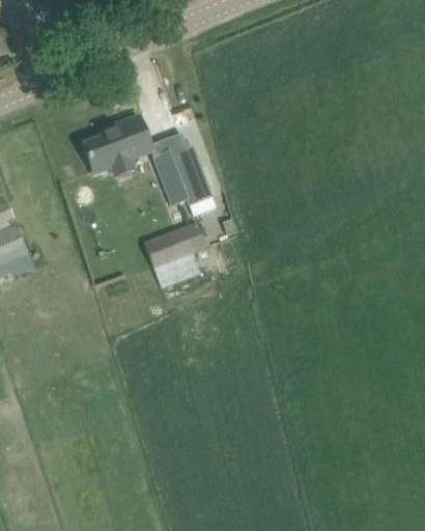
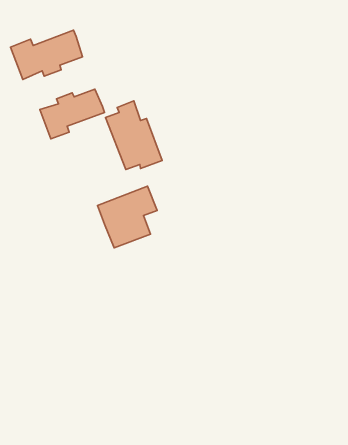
building: none -> [10,30,82,79]

